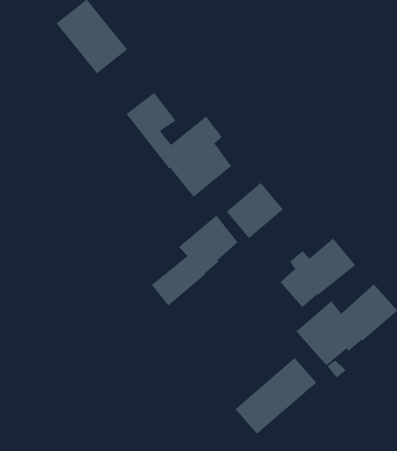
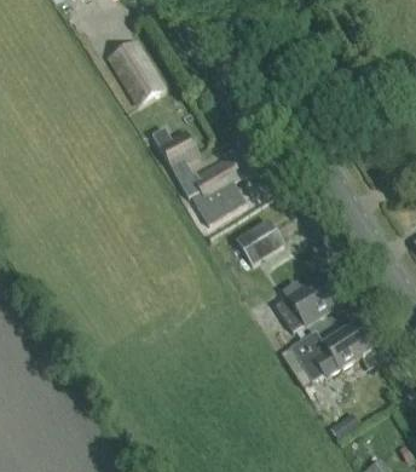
building: [151,215,239,307] -> none
building: [234,357,317,435] -> none

